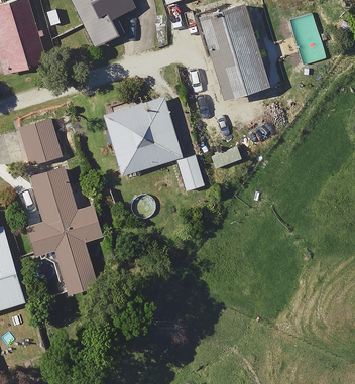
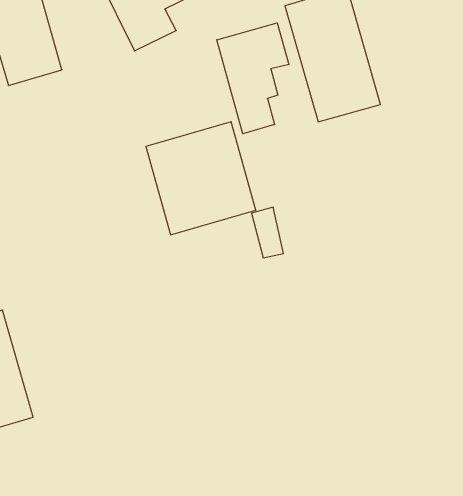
building: none -> [217,23,289,134]
building: [20,120,62,166] -> none
building: [27,165,103,293] -> none

